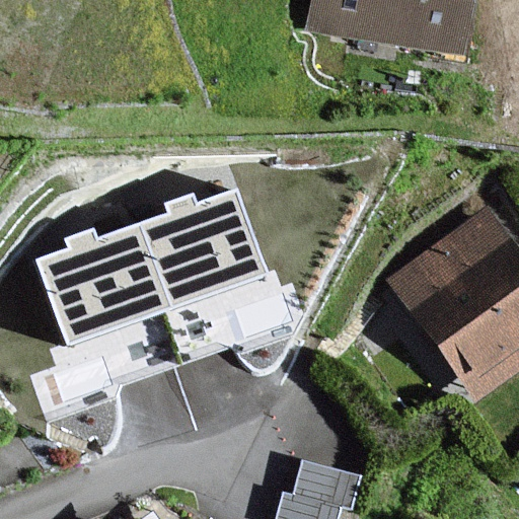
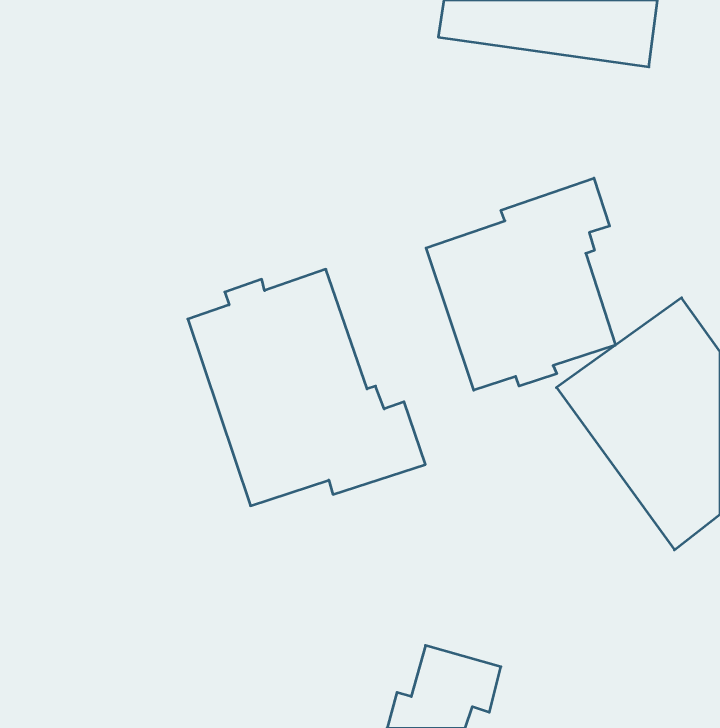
building: none -> [426,178,615,390]
building: [34,227,178,417] -> none

